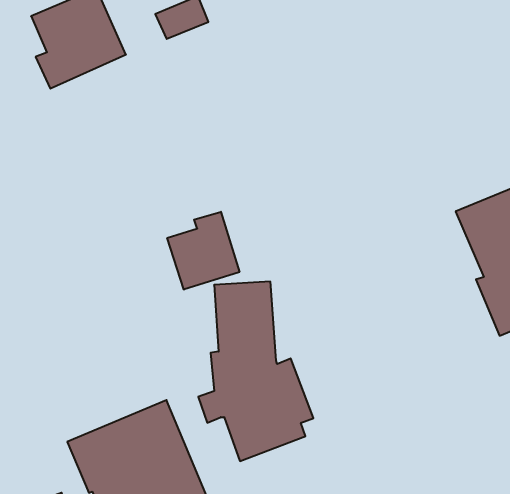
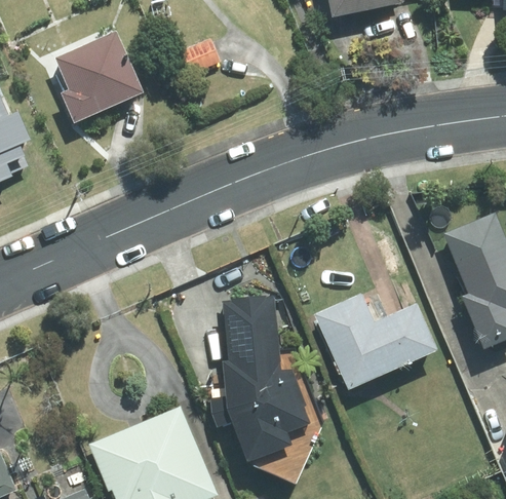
building: [167,212,239,290] -> none
building: none -> [315,293,437,388]

